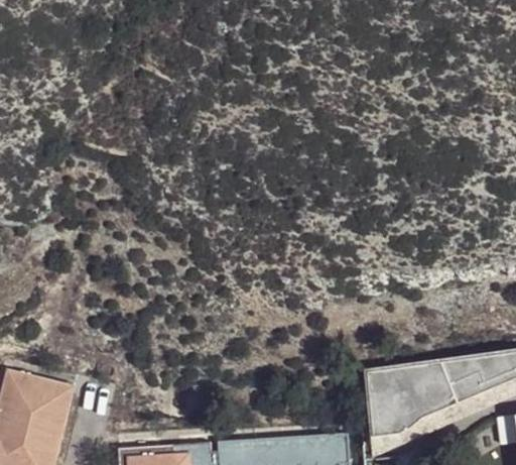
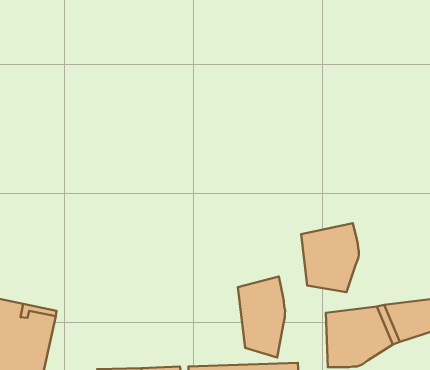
building: none -> [301,223,359,292]
building: none -> [238,277,285,358]

